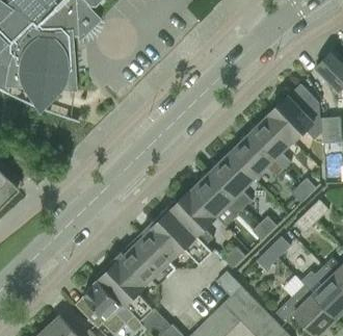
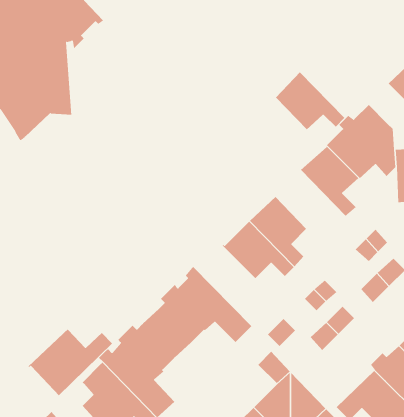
building: [230,133,283,178] -> [275,71,345,130]
building: [167,190,215,252] -> none
building: none -> [28,328,113,396]

